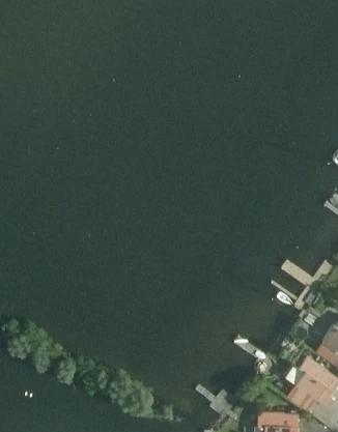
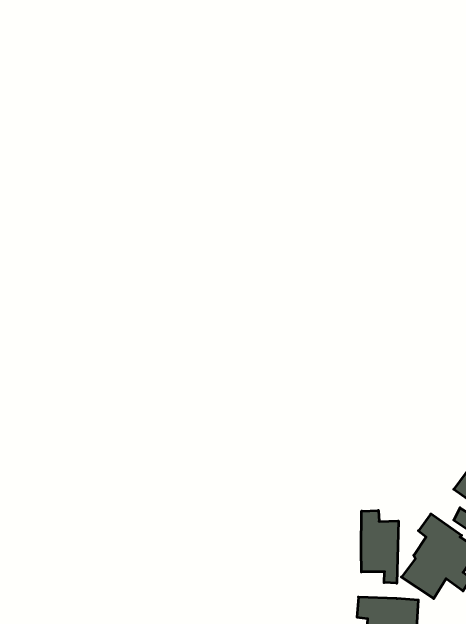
building: none -> [361,510,398,583]

